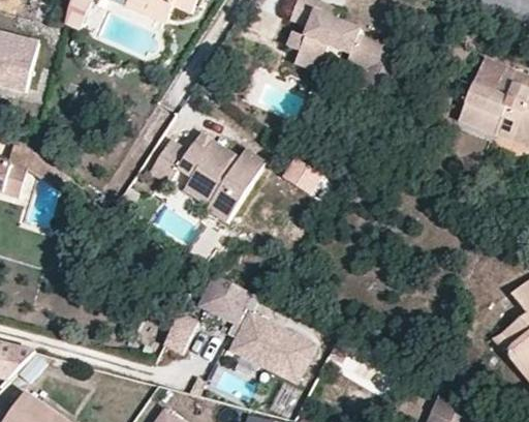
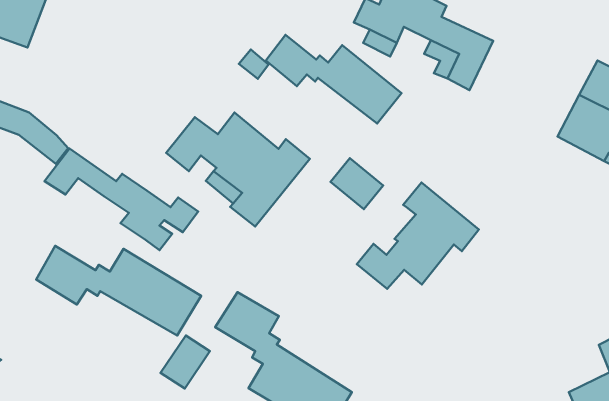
building: none -> [266,35,401,123]
building: none -> [357,183,479,289]
building: none -> [45,148,198,250]
building: none -> [36,246,201,336]

